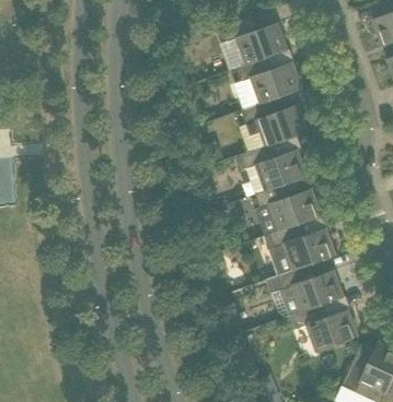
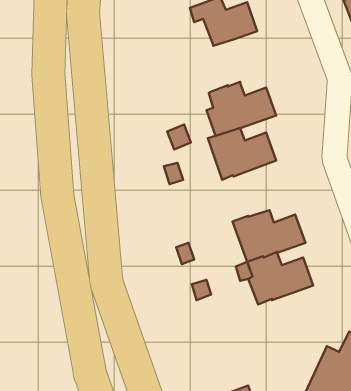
building: [234,57,303,108] -> none
building: [251,182,322,234] -> none
building: [292,304,359,351] -> none

